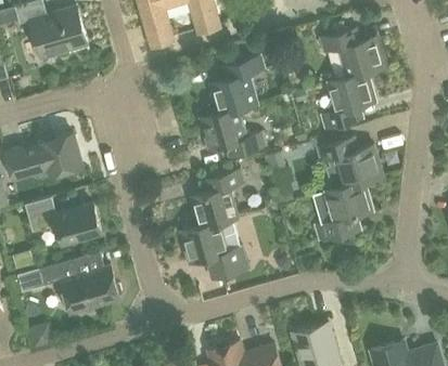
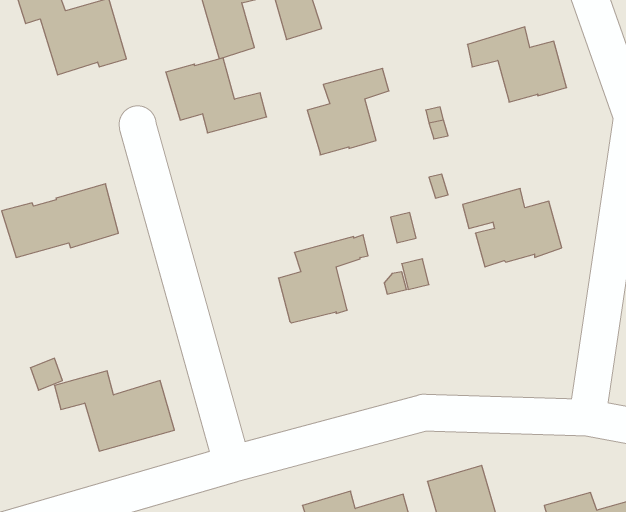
building: [319,71,374,130] -> none
building: [199,107,267,158] -> [166,58,267,133]
building: [311,180,372,243] -> none
building: [24,197,101,244] -> none
building: [179,219,249,280] -> none

